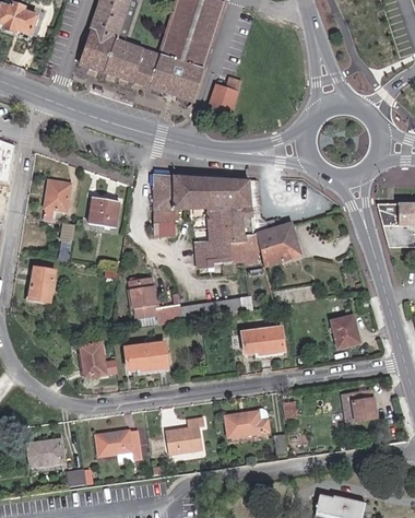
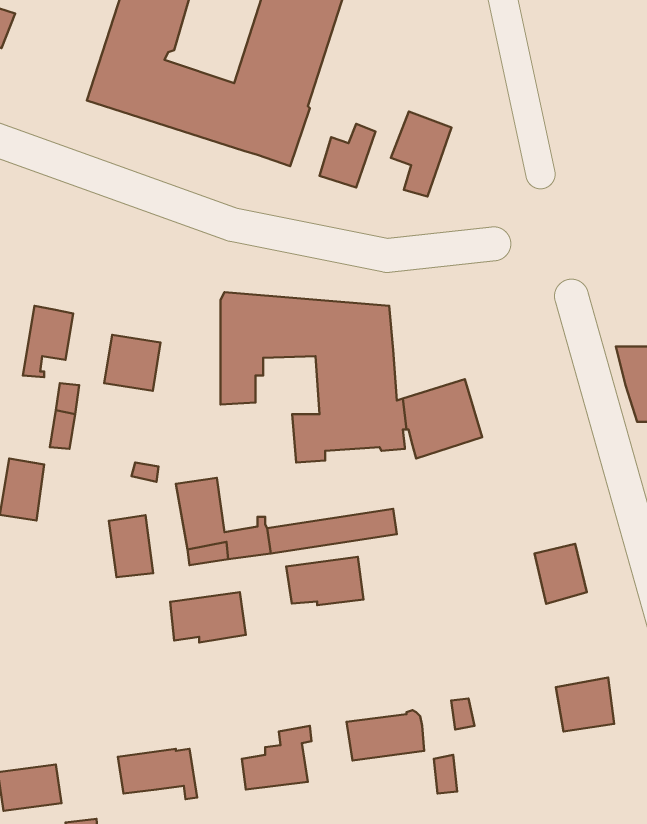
building: none -> [391,111,451,197]
building: [241,326,285,353] -> [286,557,364,605]
building: [81,341,106,376] -> [109,515,153,577]

